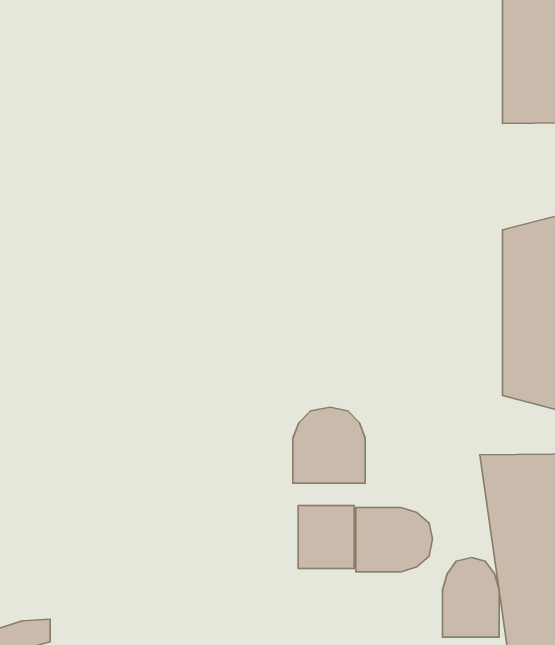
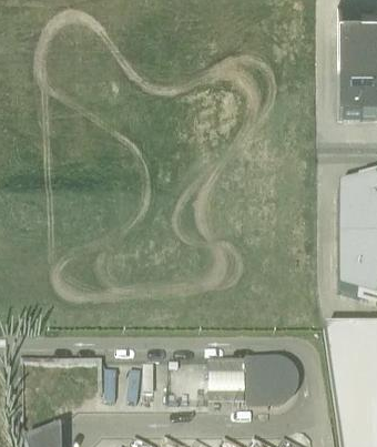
building: [293,407,365,483] -> none
building: [442,557,499,637] -> none

